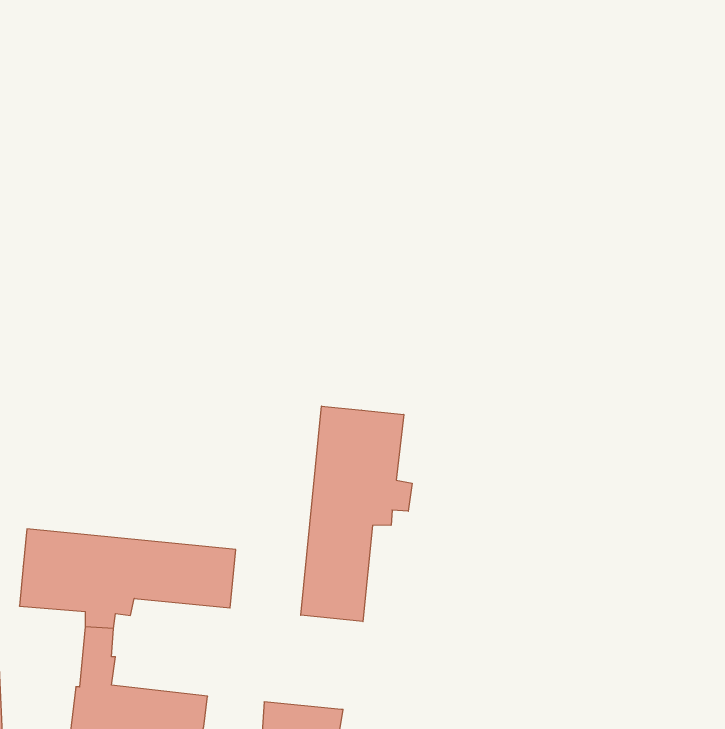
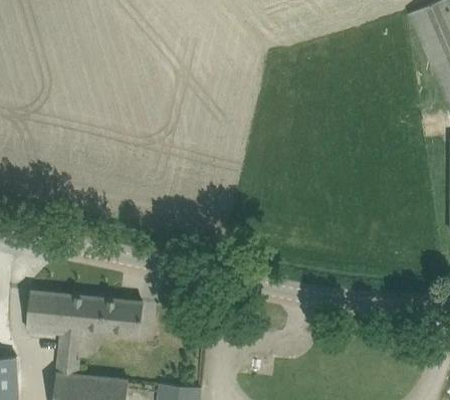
building: [301,406,412,622] -> none

